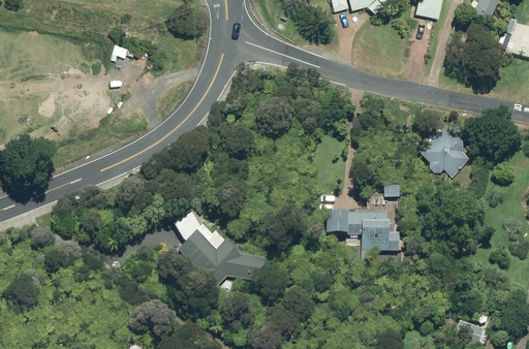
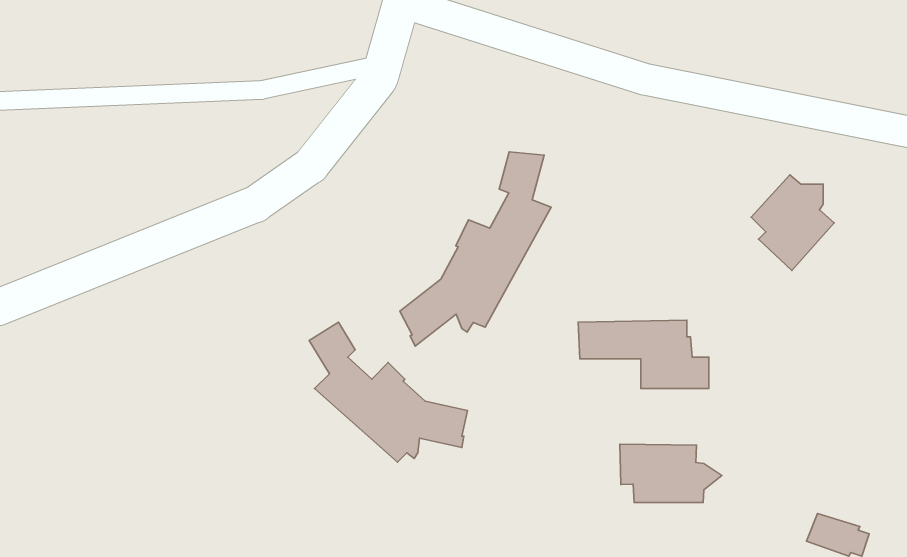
building: none -> [400,152,551,346]
building: none -> [620,444,722,503]

